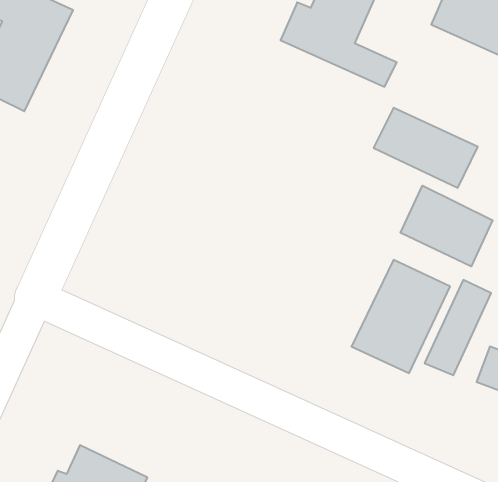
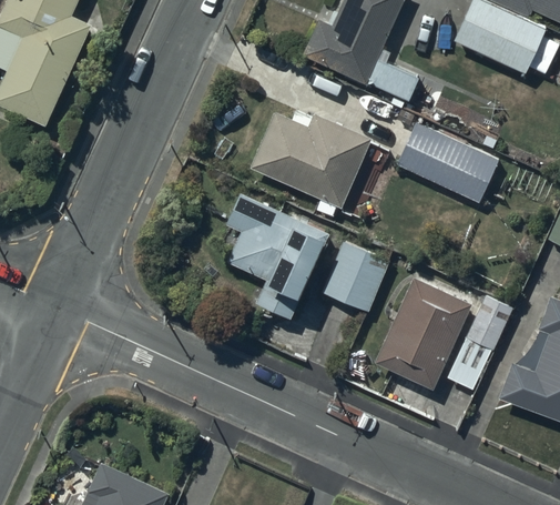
building: none -> [250,111,373,223]
building: none -> [225,192,332,319]
building: [401,186,492,266] -> none
building: none -> [322,241,390,313]

